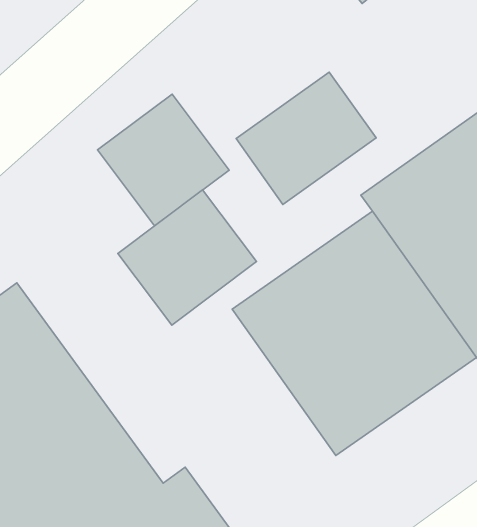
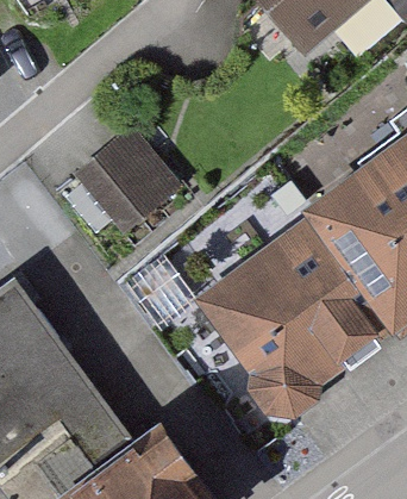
building: [236,72,376,204] -> none
building: [118,190,257,325] -> none

